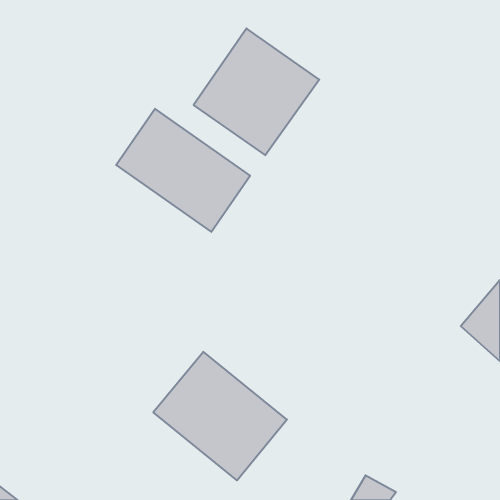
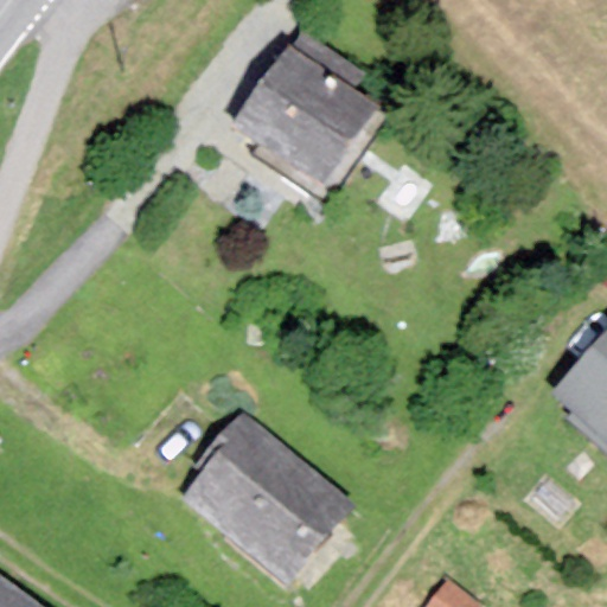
building: [116,109,250,232] -> none

